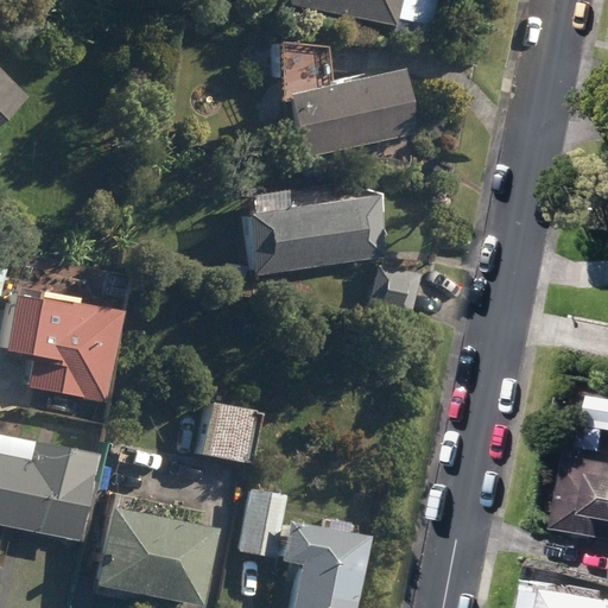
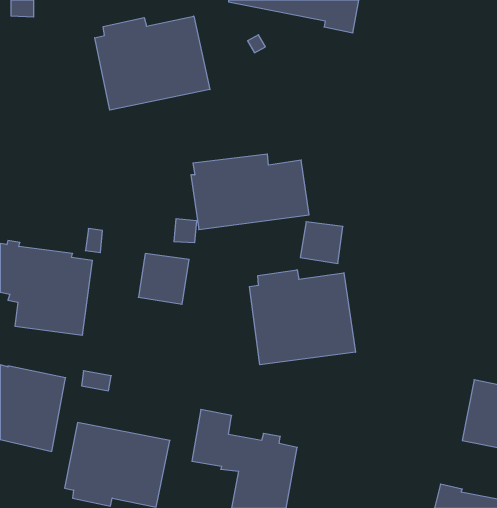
building: none -> [95,16,210,110]
building: [283,66,417,159] -> none
building: none -> [249,270,355,365]
building: [200,401,260,462] -> [138,254,189,304]

